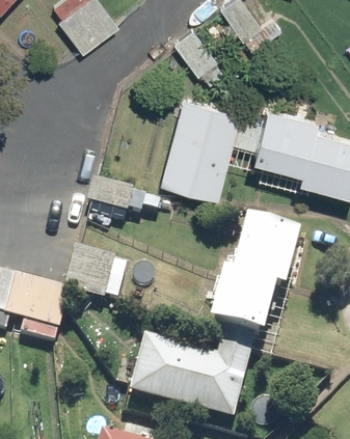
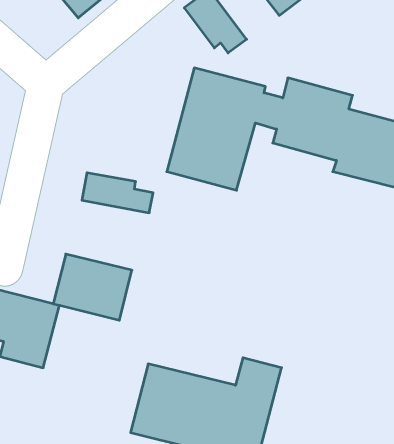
building: [206,227,298,347] -> none

